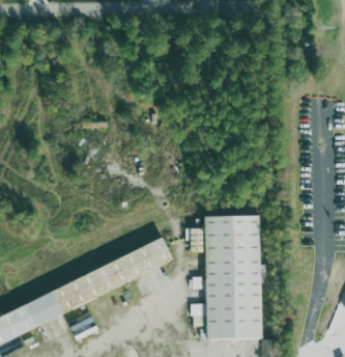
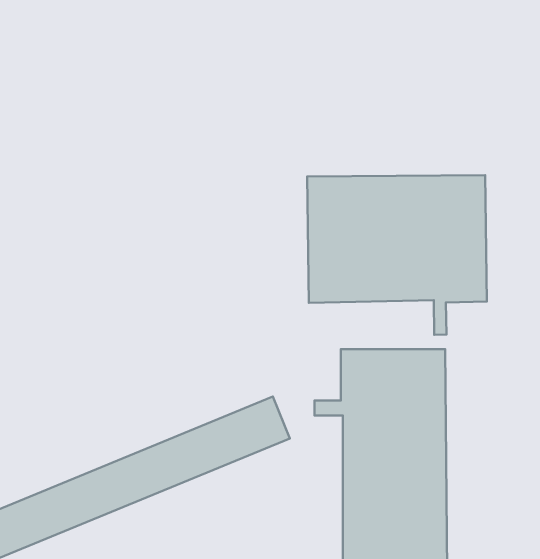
building: none -> [307,175,487,335]

